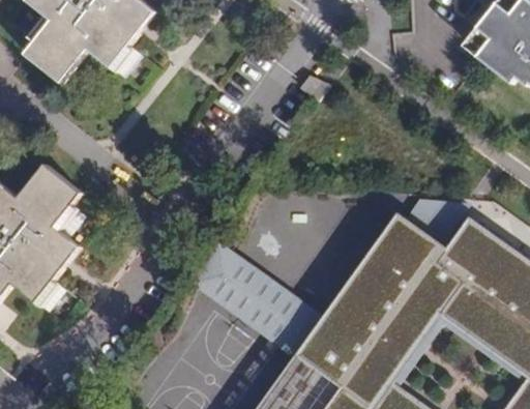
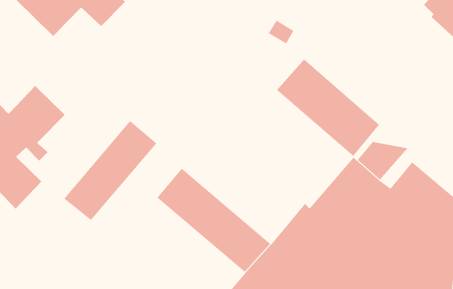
building: none -> [276,58,380,157]
building: none -> [64,120,157,221]

